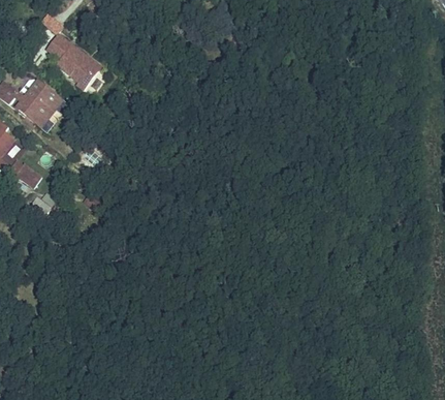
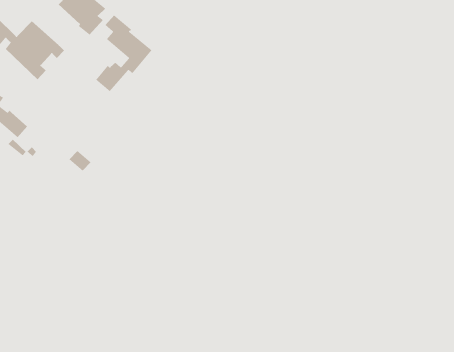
building: none -> [95,15,152,92]

